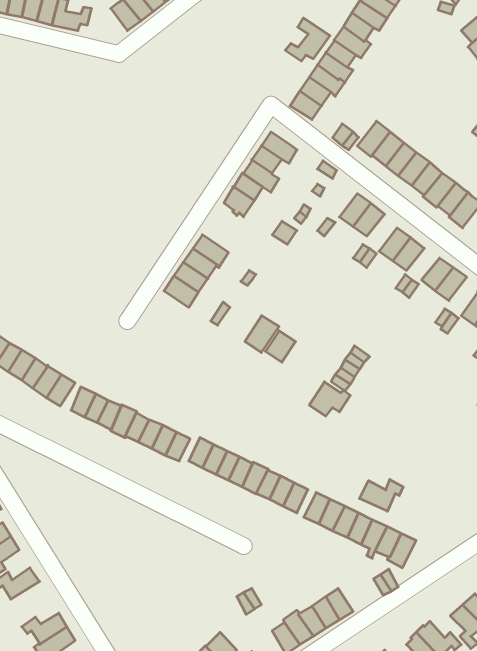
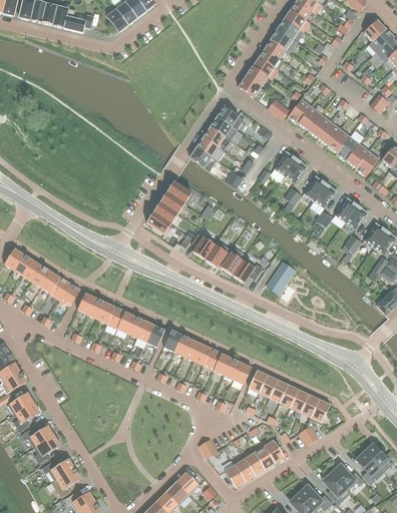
building: [285,18,330,61] -> none
building: none -> [190,232,216,259]
building: [309,382,350,416] -> [232,256,262,282]
building: [359,479,403,511] -> none
building: none -> [33,434,60,464]

